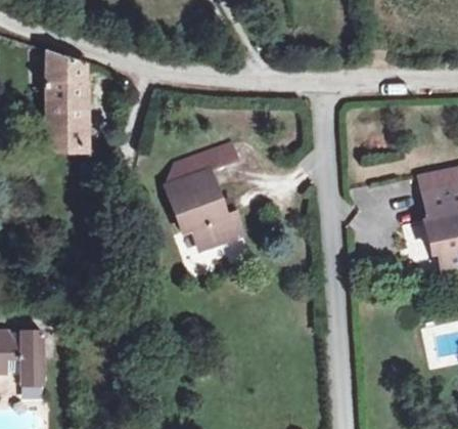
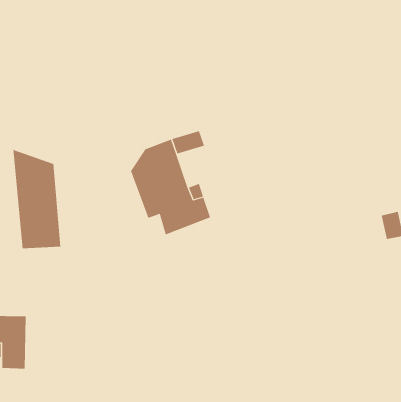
building: [45,51,93,149] -> [13,149,61,249]

